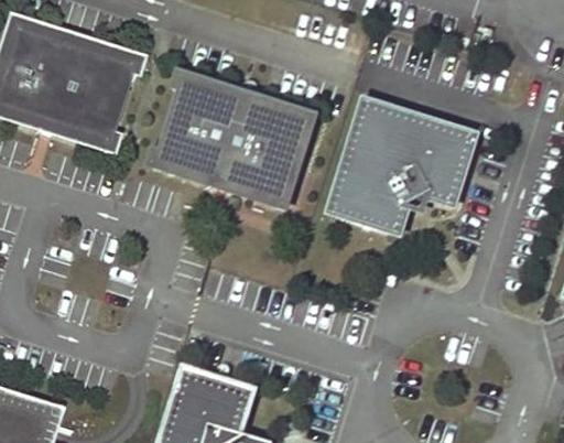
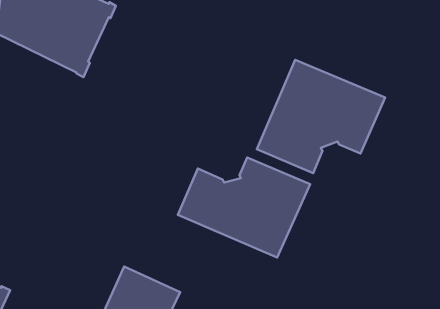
building: [153,73,317,206] -> none
building: none -> [178,158,310,257]

